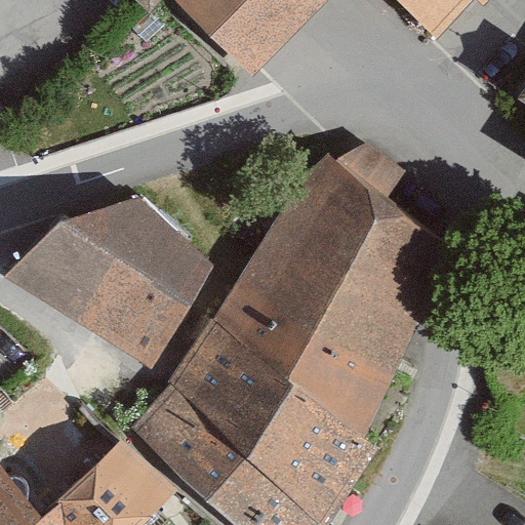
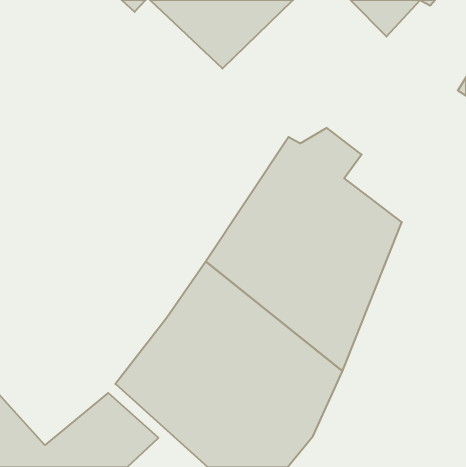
building: [4,197,211,369] -> none

